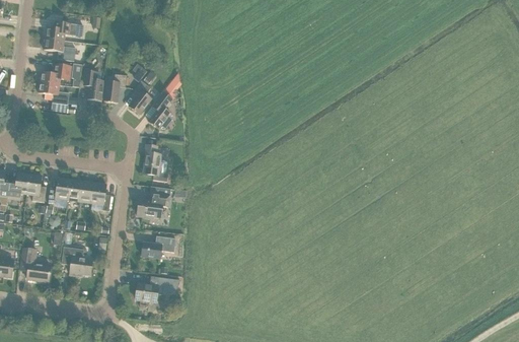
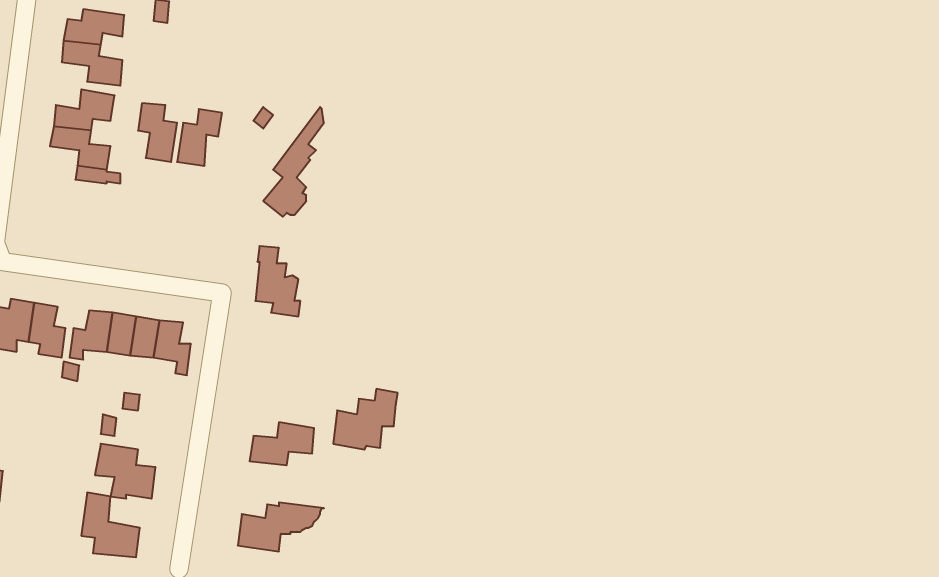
building: [129,80,151,115] -> none
building: [137,187,170,218] -> [333,389,398,450]
building: [20,248,51,281] -> [81,493,140,557]

